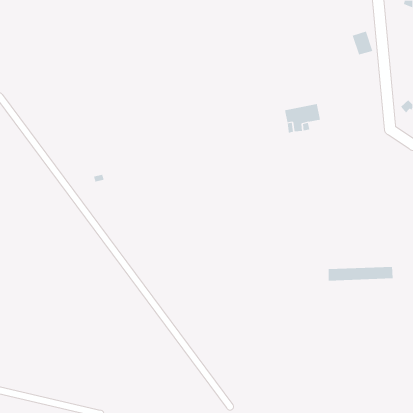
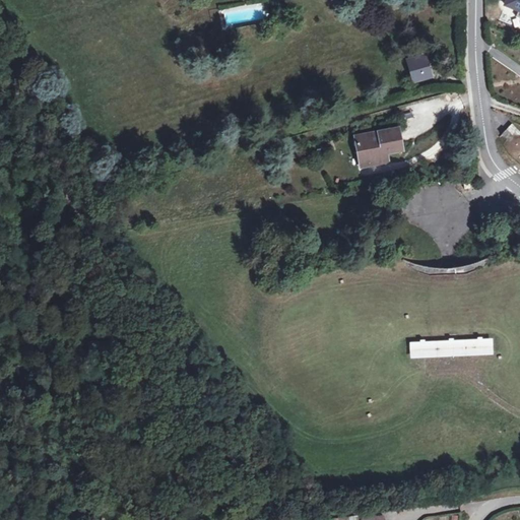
building: [352,31,373,55] -> [404,53,431,83]

